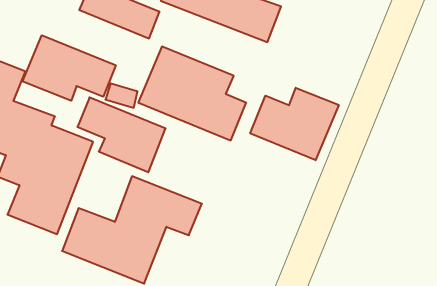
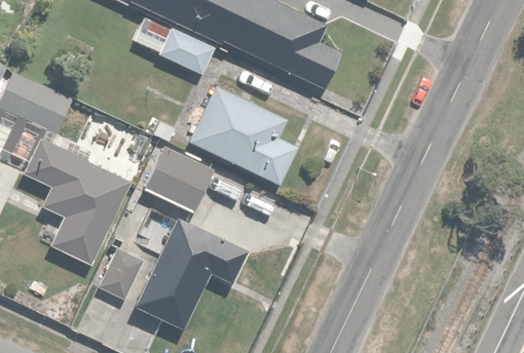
building: [23,35,116,101] -> none
building: [250,88,339,160] -> none

